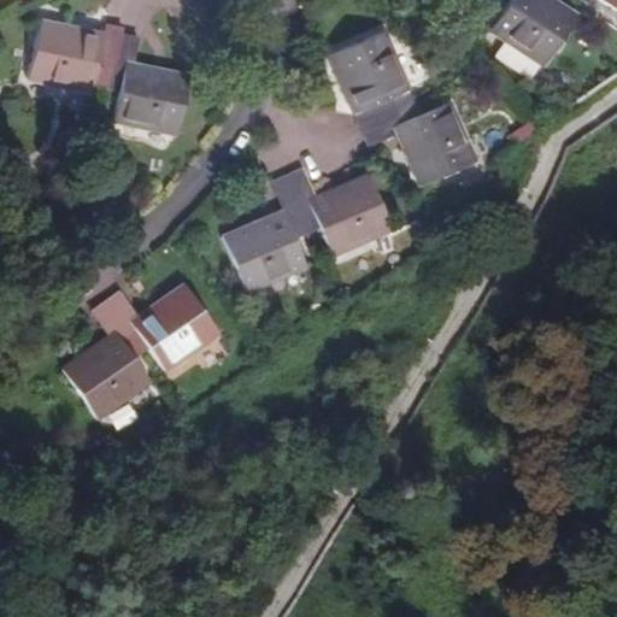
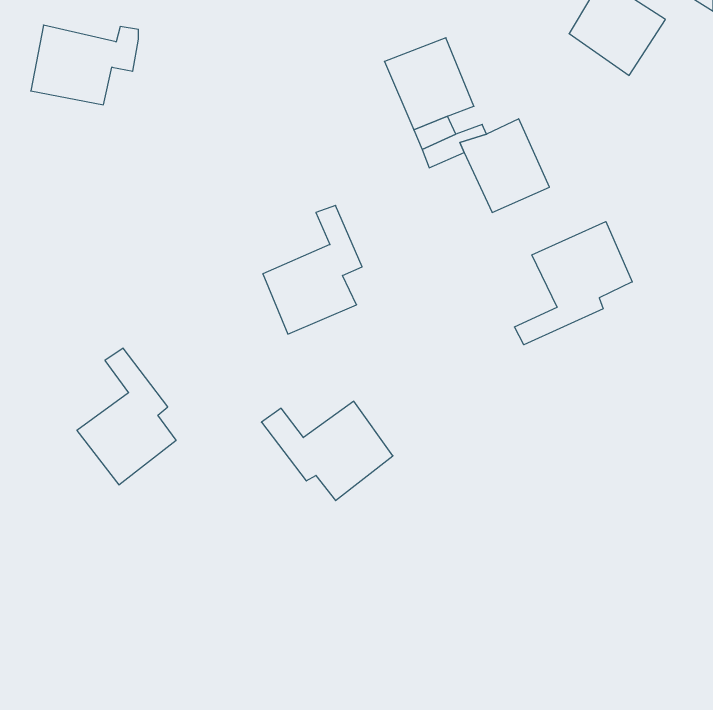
building: [107,34,187,134] -> none
building: [289,170,392,251] -> none
building: none -> [514,222,632,345]
building: [106,282,219,368] -> [261,401,393,501]

